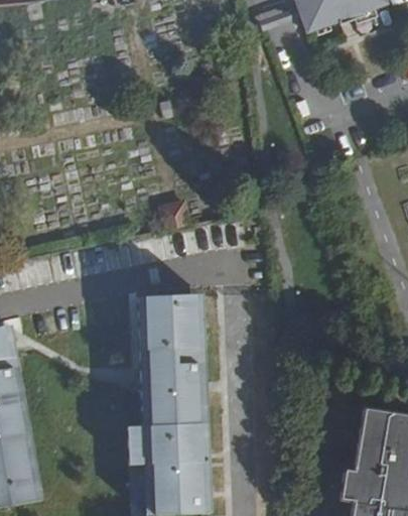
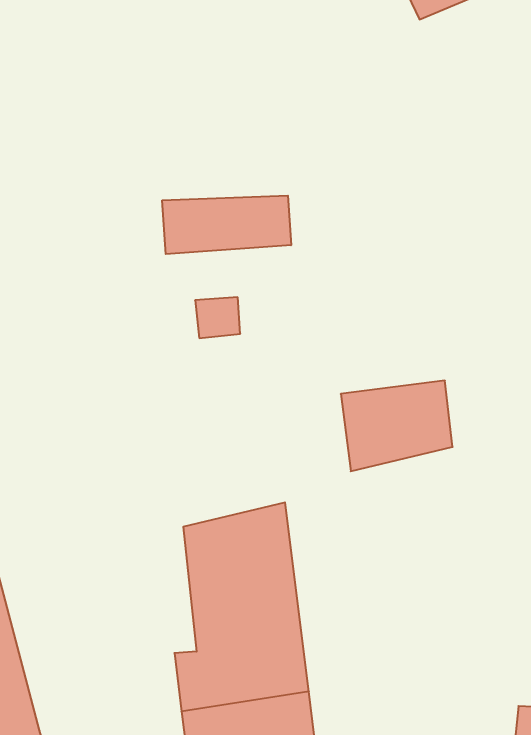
building: none -> [162,196,291,254]
building: [135,291,203,345] -> [341,381,453,471]

